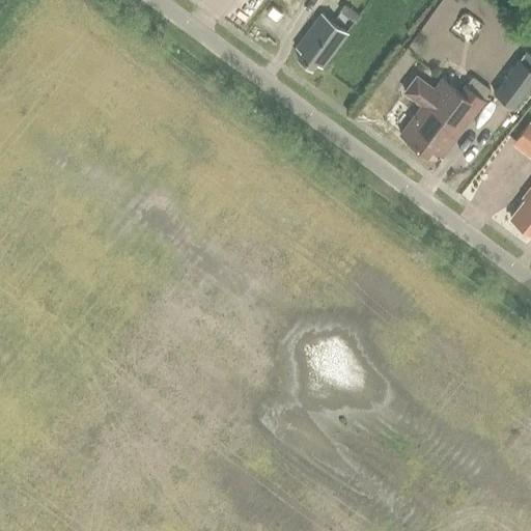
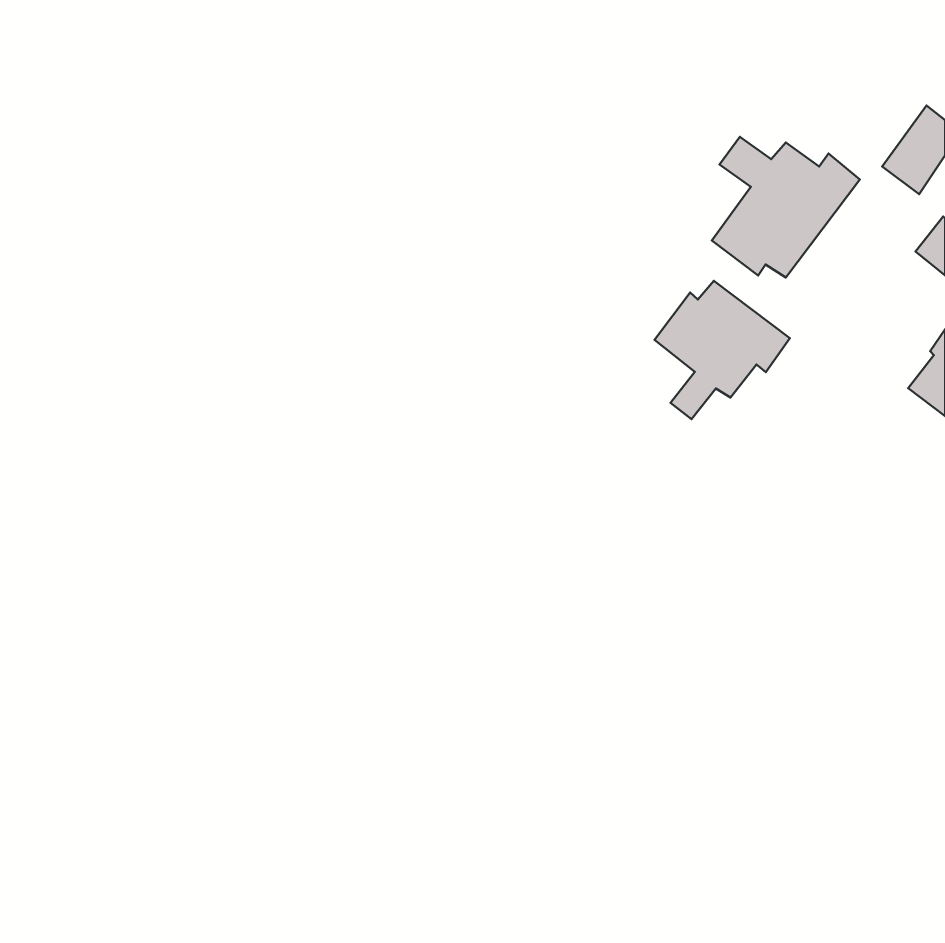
building: [296,15,347,71] -> none
building: none -> [654,281,790,419]

